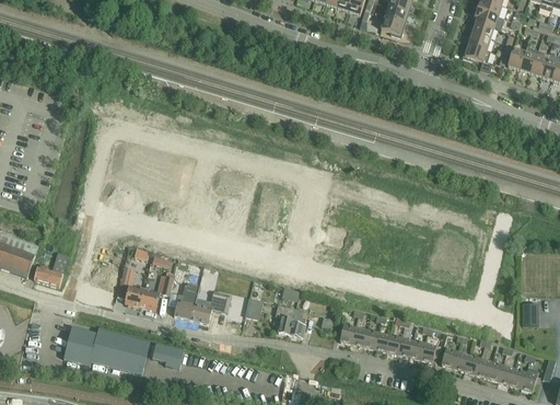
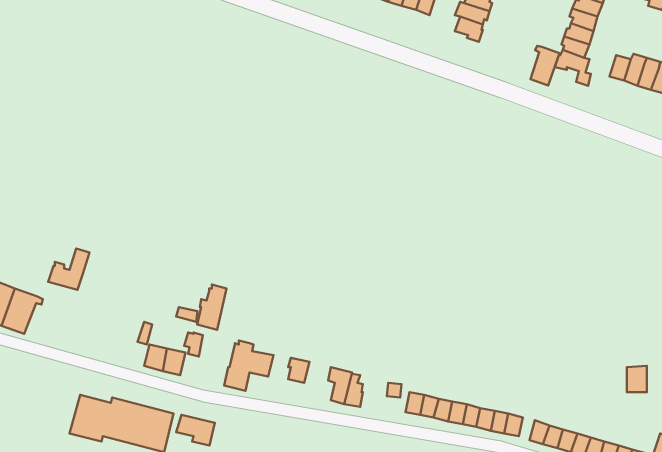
building: none -> [530,46,560,86]
building: [34,253,68,287] -> [48,248,90,290]
building: [174,282,198,320] -> [197,285,226,330]

